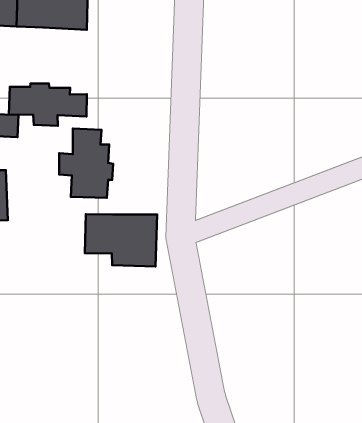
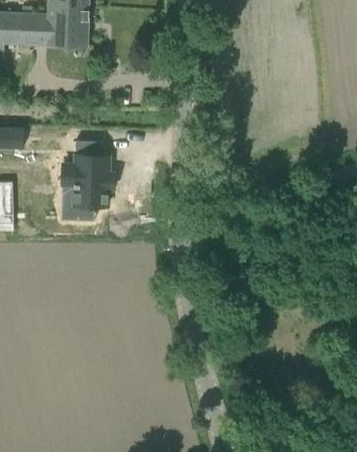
building: [9,84,87,126] -> none
building: [85,214,157,267] -> none

